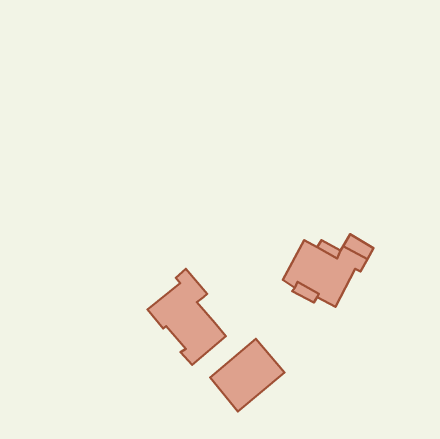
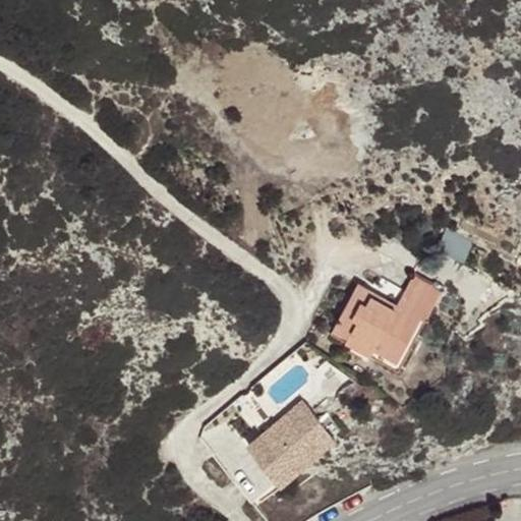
building: [148,269,226,365] -> none

